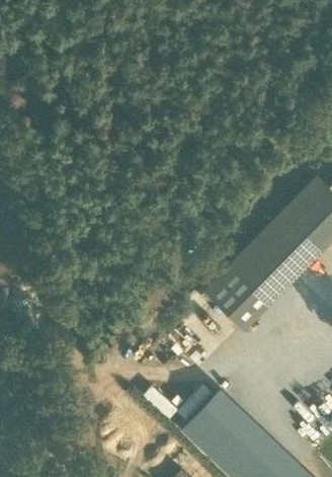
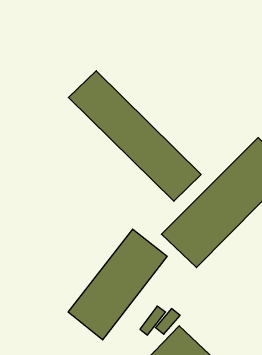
building: none -> [68,71,201,201]
building: none -> [68,229,167,340]

